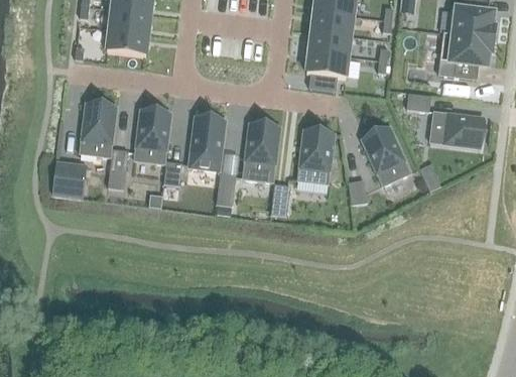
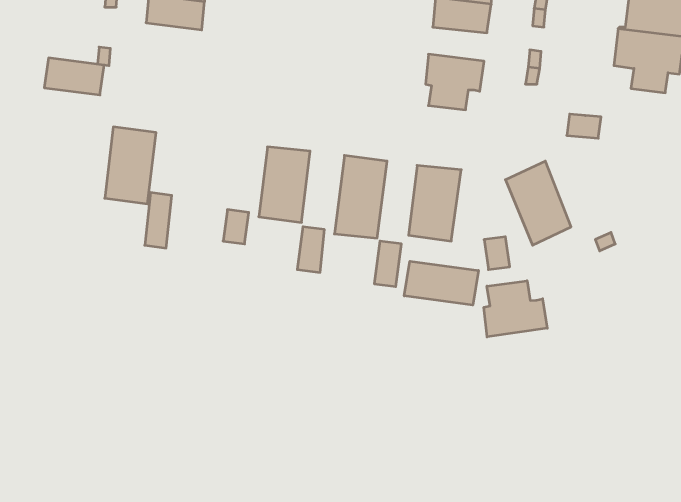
building: [106,29,148,55] -> [44,58,104,95]
building: [308,32,350,56] -> none
building: [134,110,170,163] -> none
building: [429,112,483,149] -> none
building: [52,161,86,197] -> none
building: none -> [404,261,478,305]
building: none -> [484,281,547,337]

